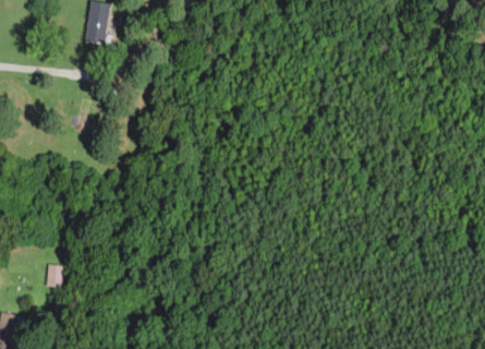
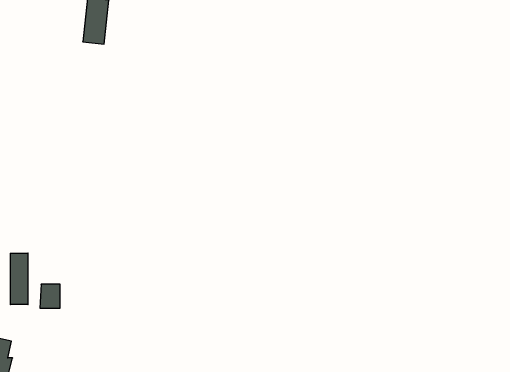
building: none -> [10,253,28,305]

